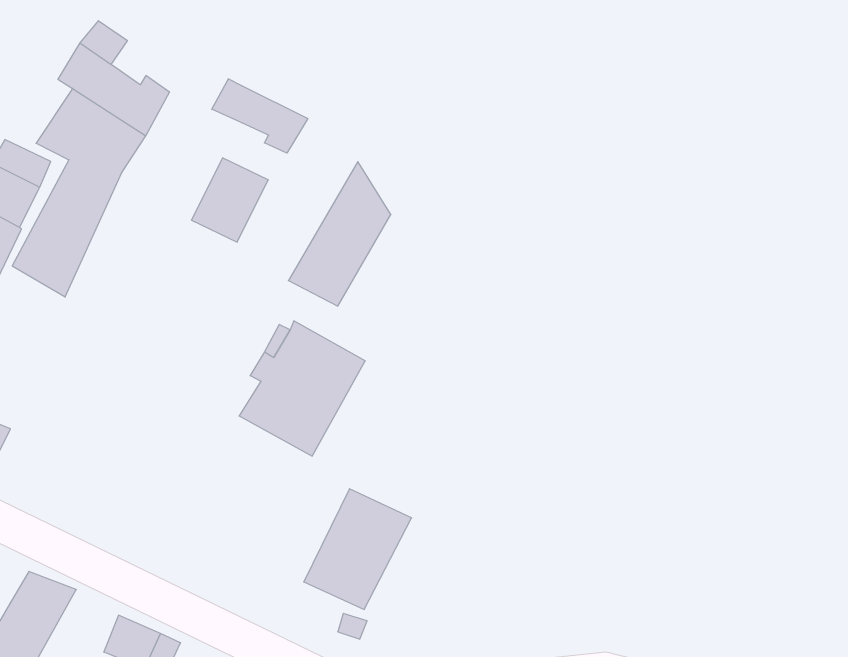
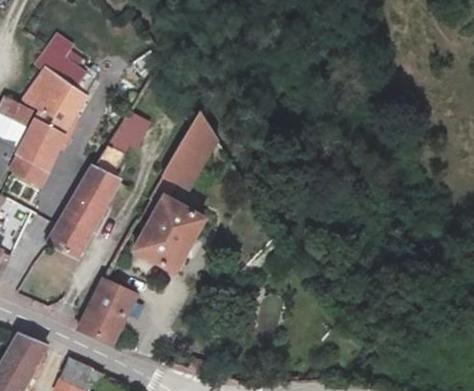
building: [212,79,308,153] -> none
building: none -> [47,145,123,258]
building: [304,489,412,609] -> [77,279,136,345]

